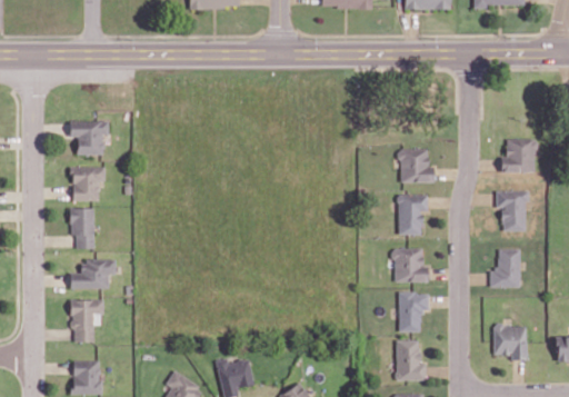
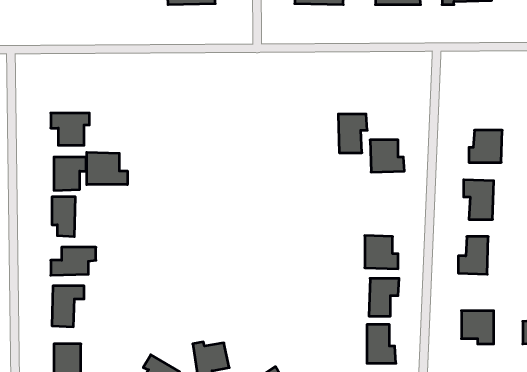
building: none -> [87,152,127,185]
building: [398,195,428,235] -> [338,114,367,153]

